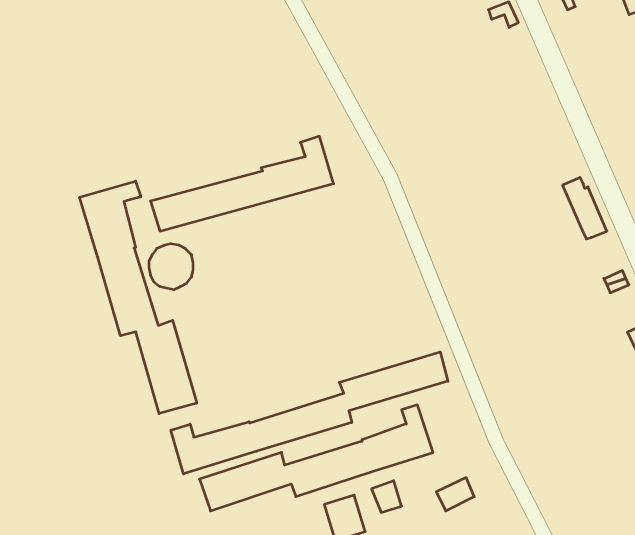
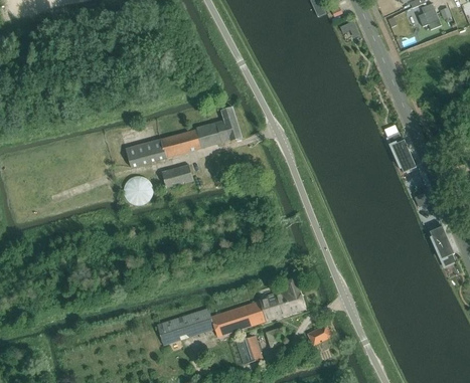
building: [80,181,197,414] -> none
building: none -> [161,164,193,188]
building: [171,352,448,474] -> none

